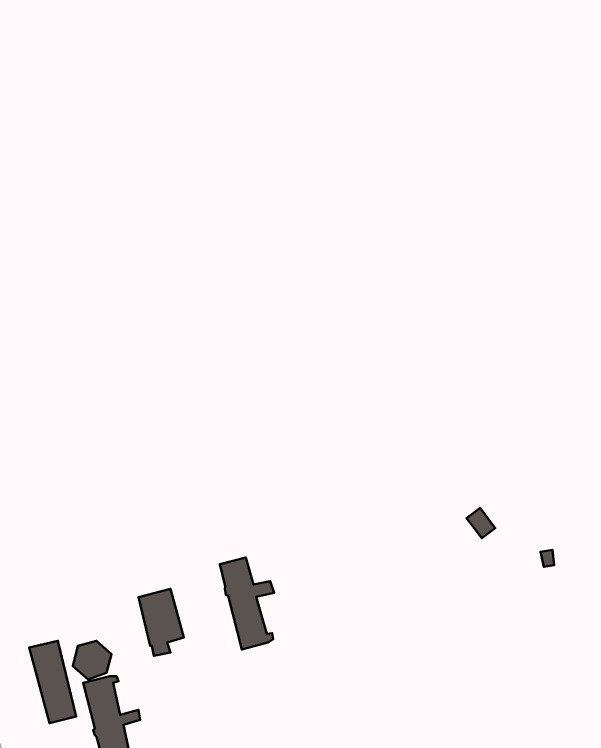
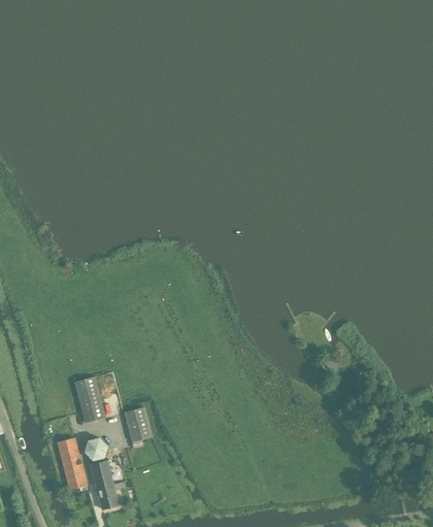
building: none -> [74,376,104,422]
building: [220,557,274,649] -> none

